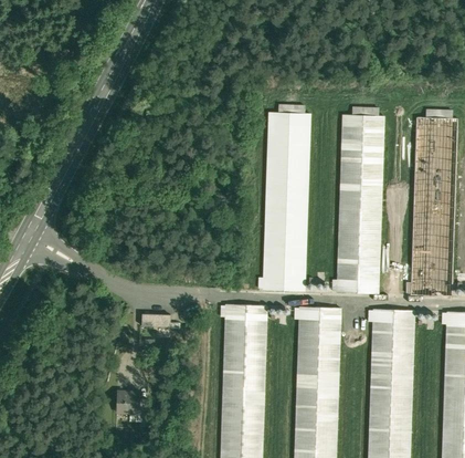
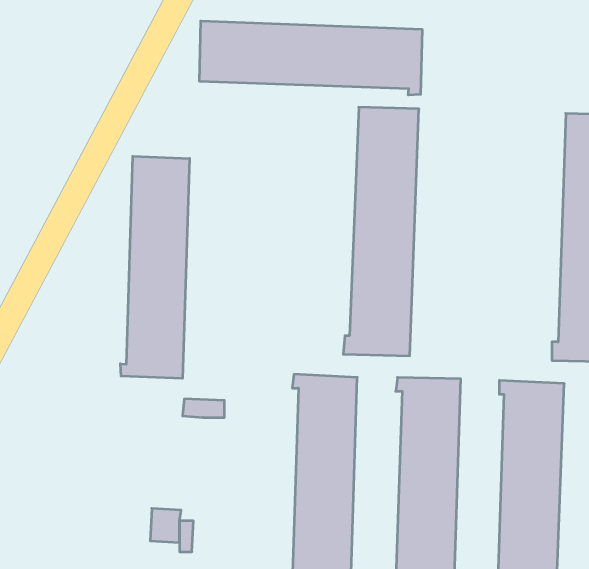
building: none -> [200,21,422,95]
building: [331,113,384,292] -> none
building: none -> [120,156,190,378]

